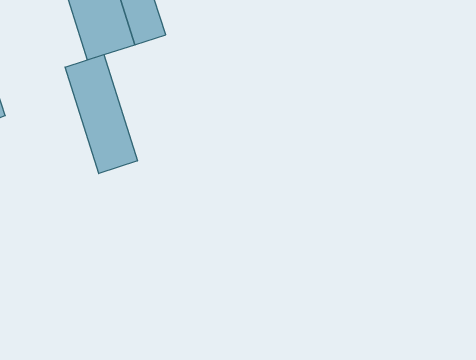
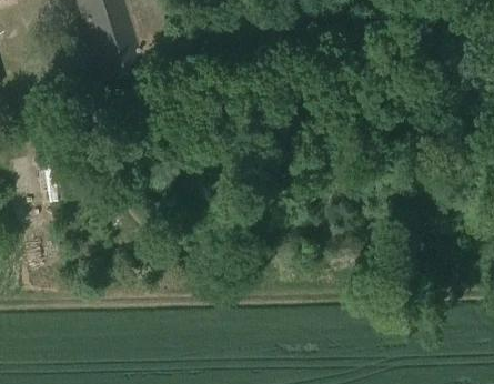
building: [65,55,137,174] -> none

